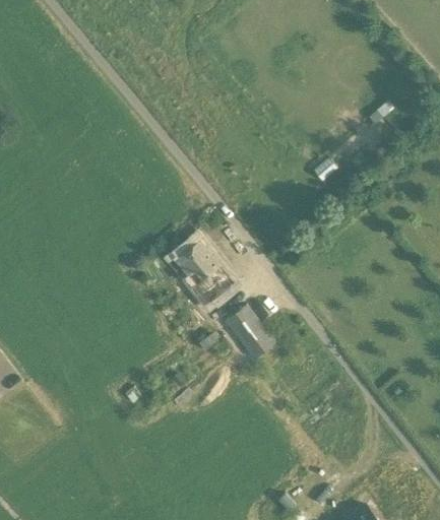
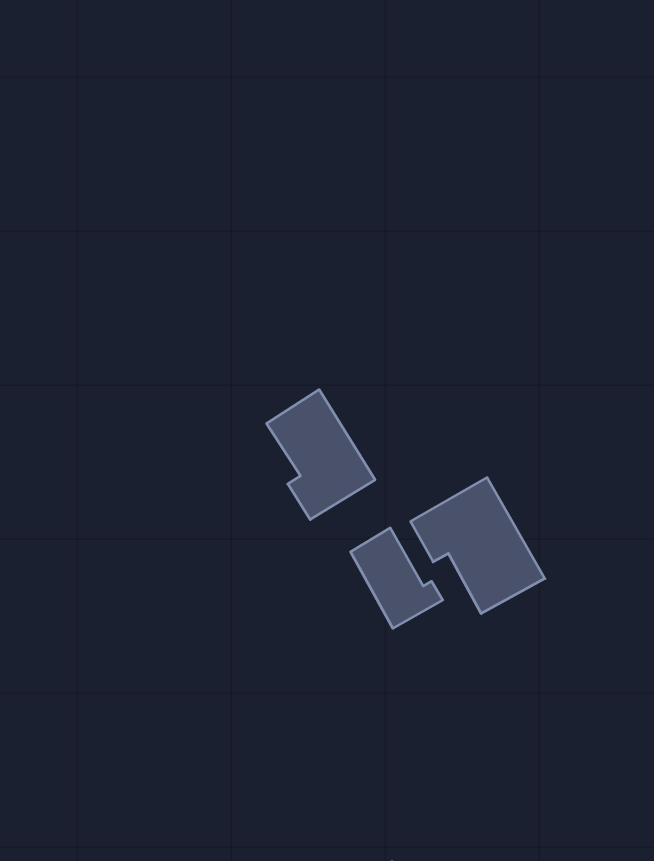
building: none -> [411,478,545,614]

